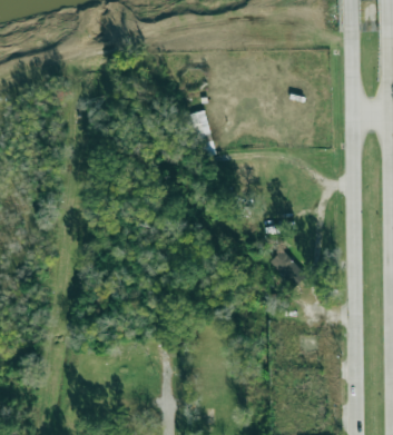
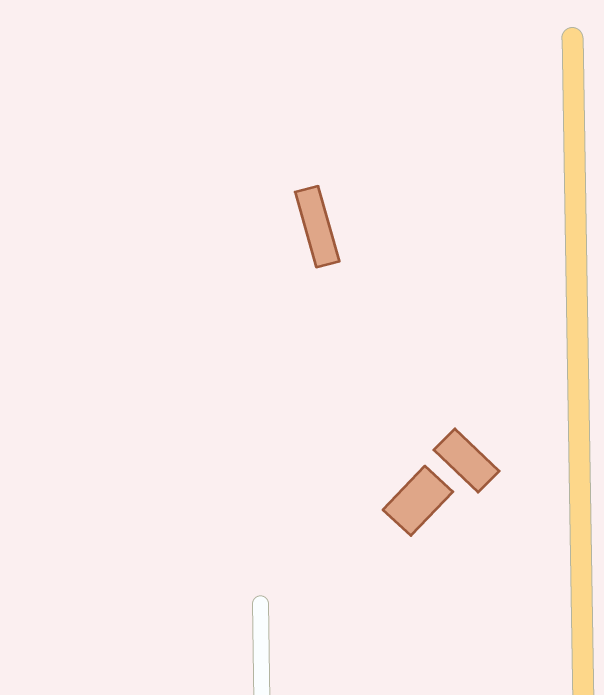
building: none -> [383,466,453,536]

